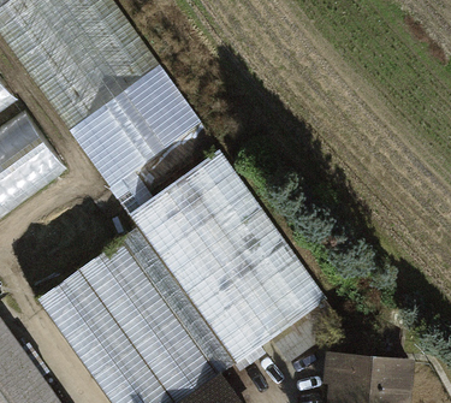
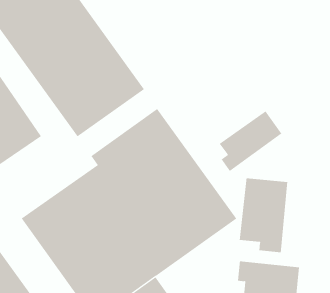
building: none -> [219,111,282,172]
building: none -> [239,177,288,253]

